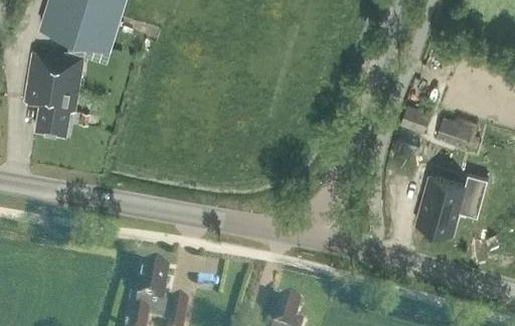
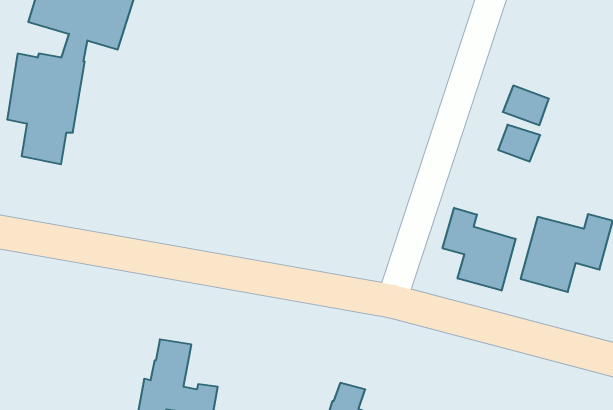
building: [436,118,471,148] -> [503,86,549,125]
building: none -> [443,208,516,291]

